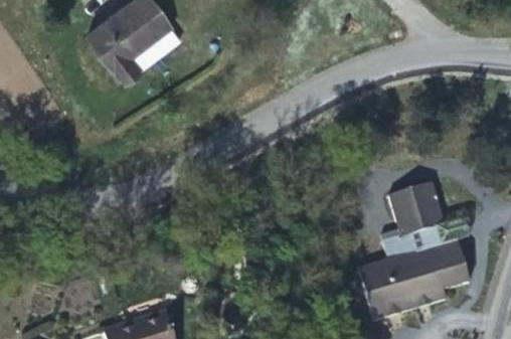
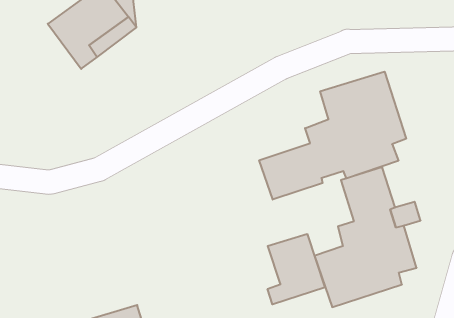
building: none -> [259,72,406,200]
building: none -> [268,234,325,304]

